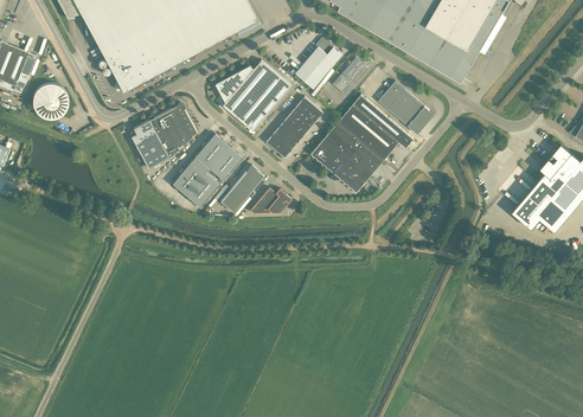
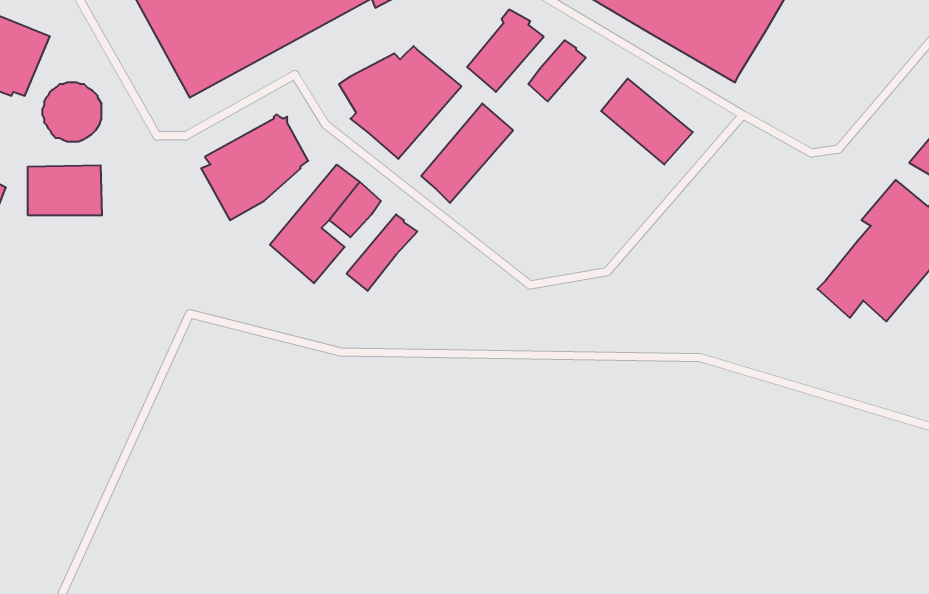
building: [310,95,414,192] -> none
building: none -> [28,165,102,215]
building: [249,187,289,213] -> none

